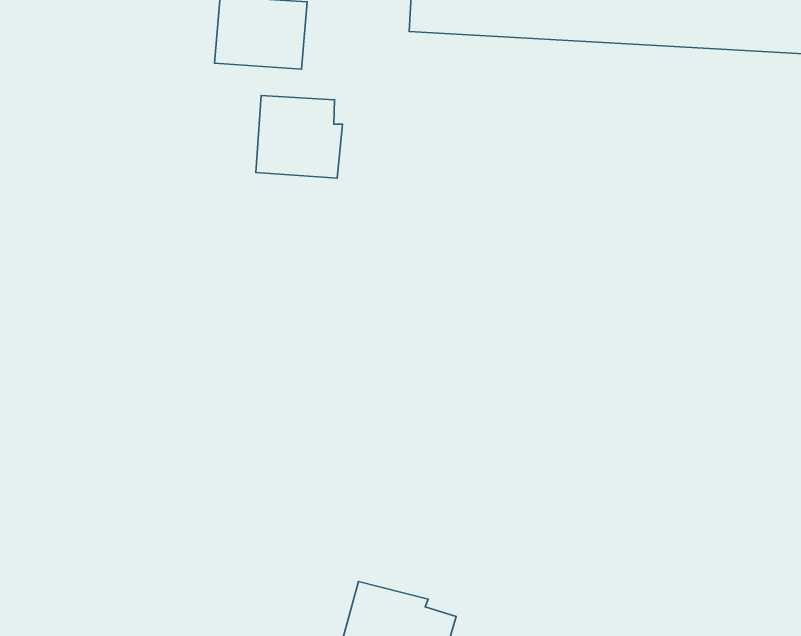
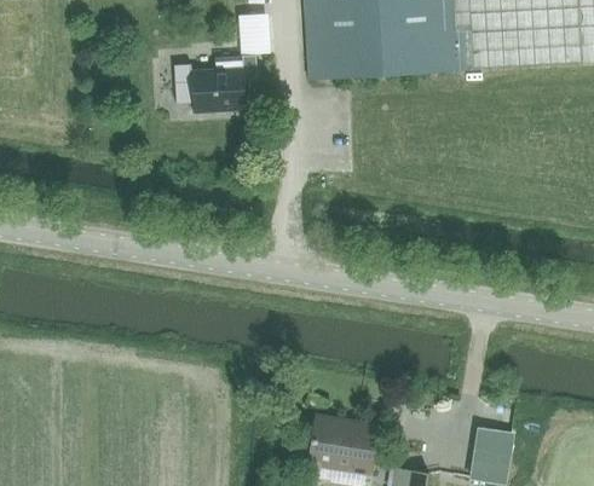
building: [256,96,342,178] -> none

